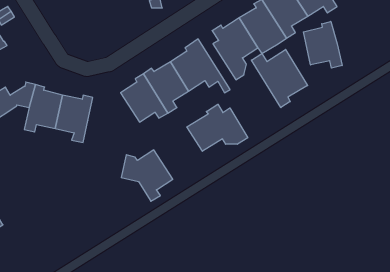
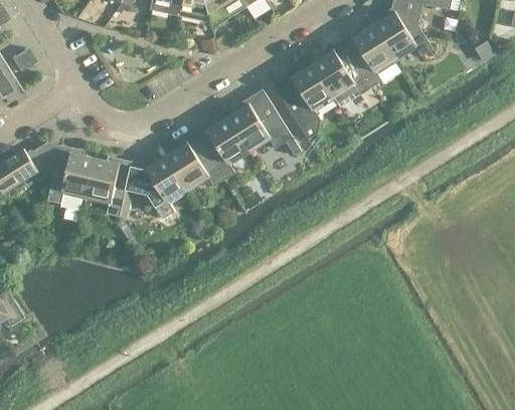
building: [303,21,342,68] -> none
building: [251,49,308,108] -> none
building: [187,104,248,151] -> none
building: [121,150,173,201] -> [125,155,188,218]

